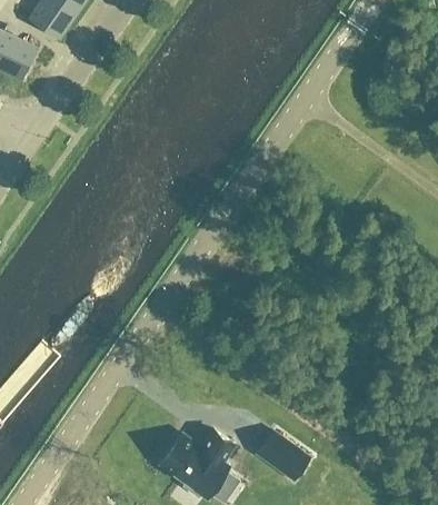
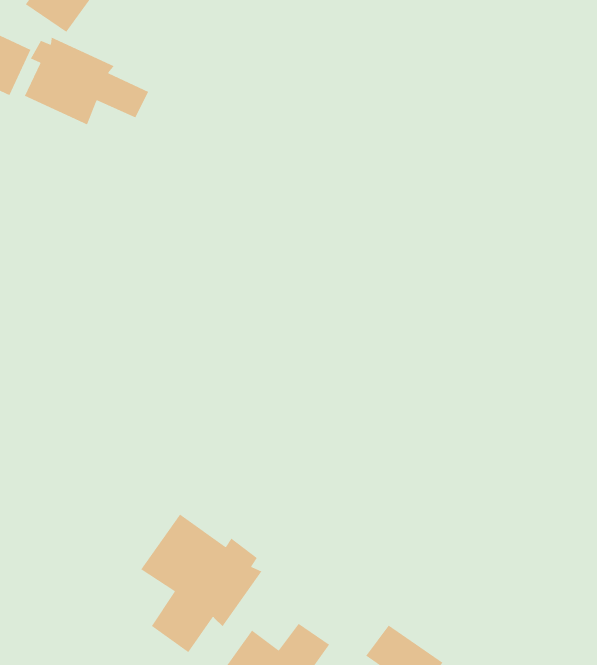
building: none -> [24,37,149,126]
building: none -> [140,513,262,653]

